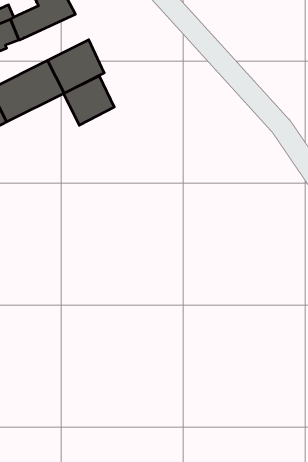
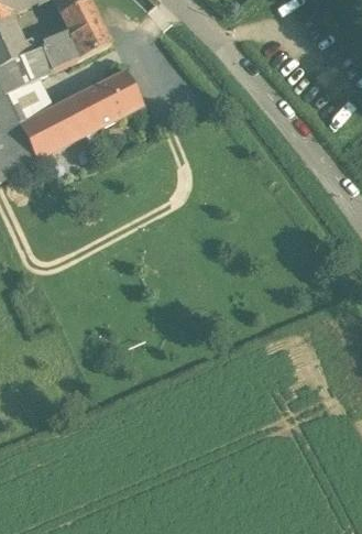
building: [64,76,114,125] -> none

